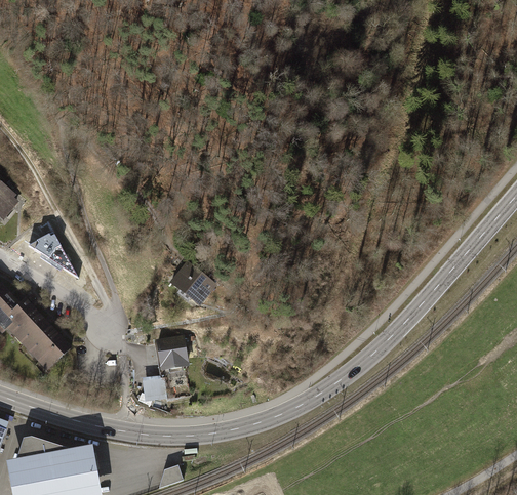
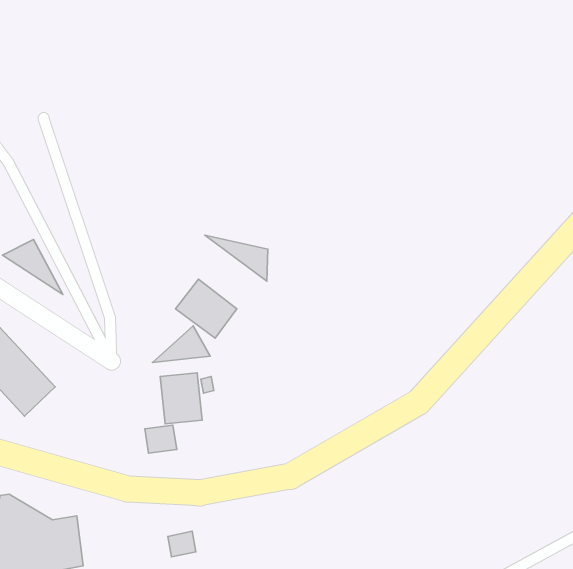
building: none -> [205,235,268,281]
building: none -> [152,326,210,362]

